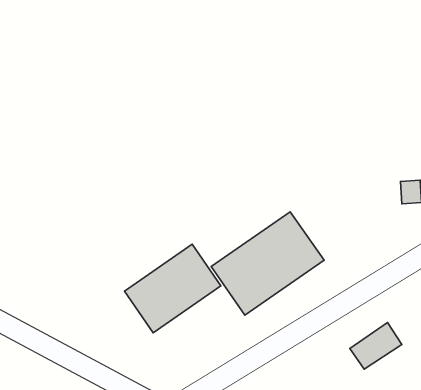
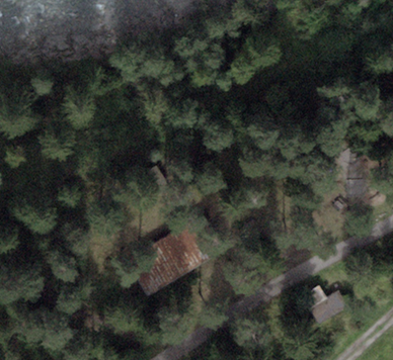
building: [211,212,324,315] -> none

